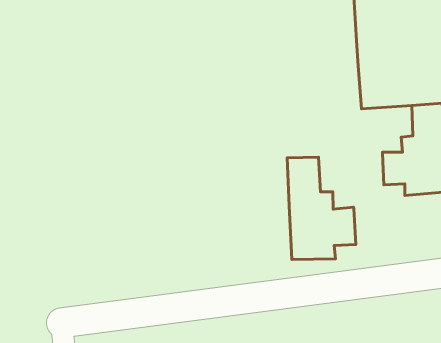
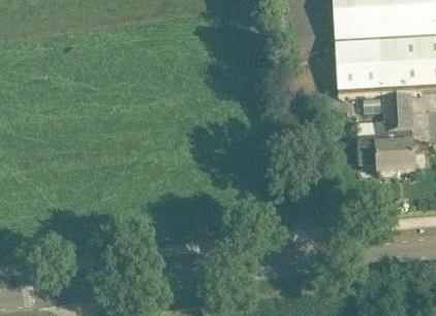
building: [287,157,356,259] -> none

